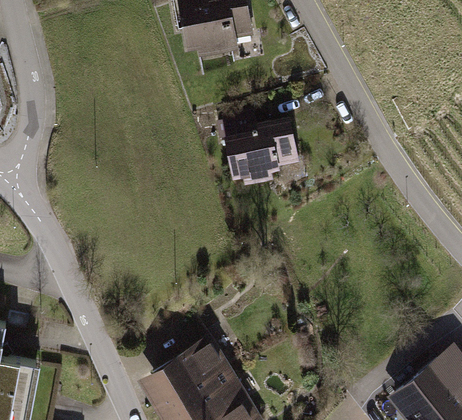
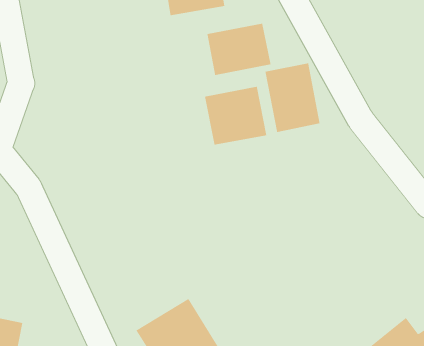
building: none -> [207,23,271,76]
building: none -> [265,62,320,133]

